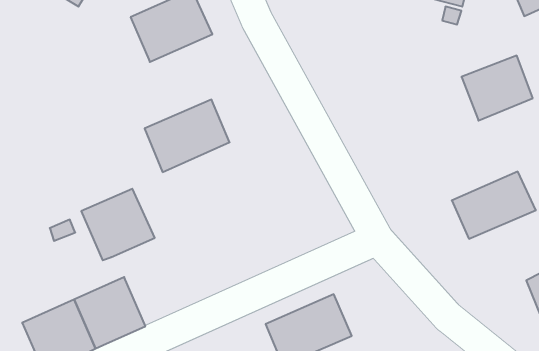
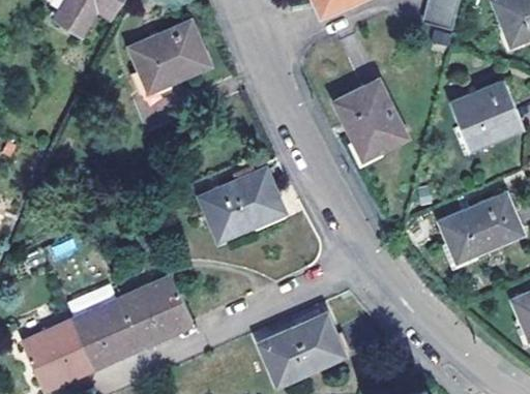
building: none -> [335,81,406,161]
building: [145,100,230,172] -> [202,170,285,240]
building: [81,189,155,260] -> [123,277,195,346]

